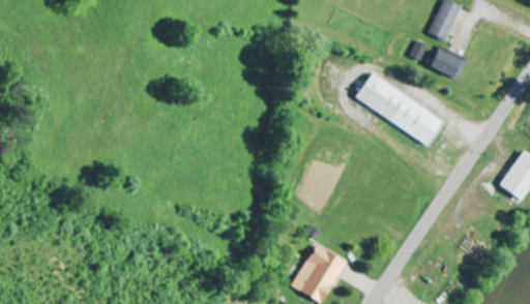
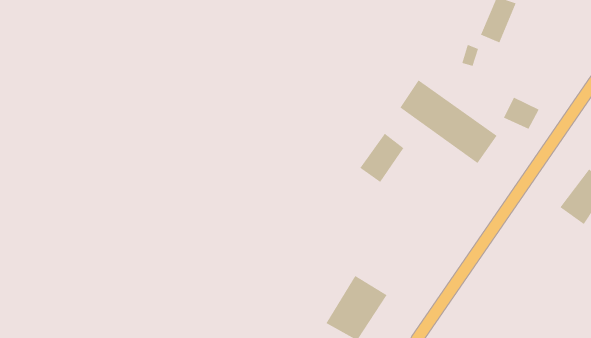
building: [429,47,461,75] -> [503,97,539,130]
building: none -> [360,133,404,183]

